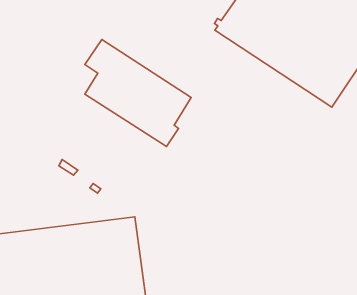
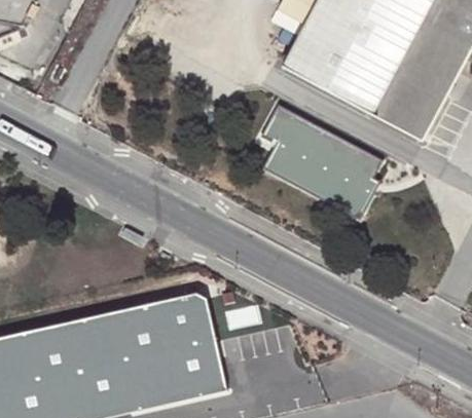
building: [85,39,191,147] -> [257,107,379,220]

